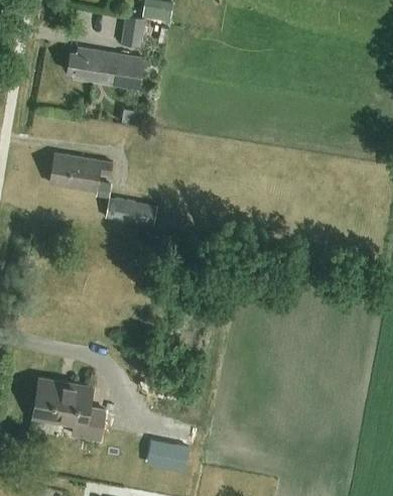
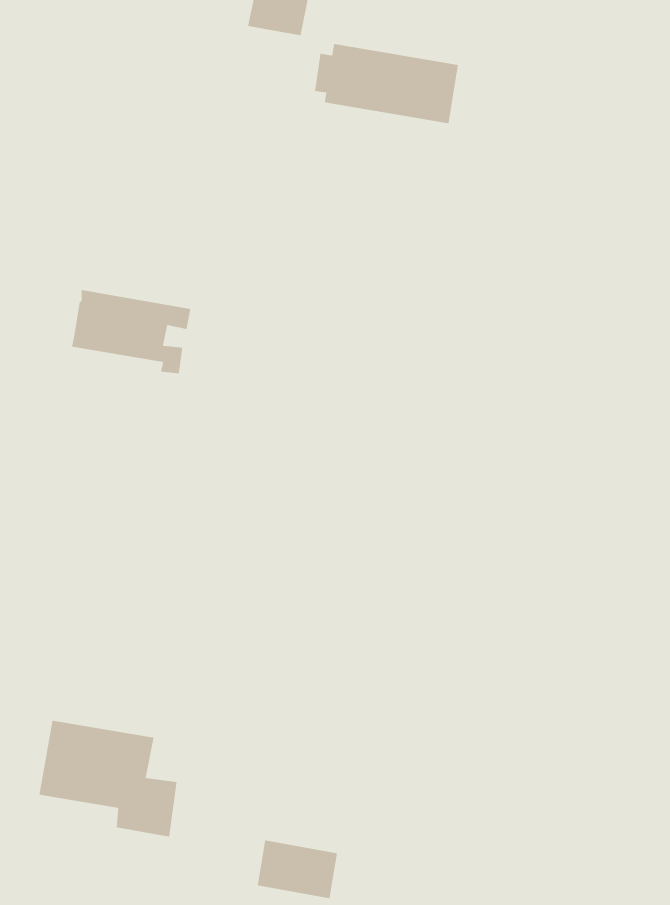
building: [122,16,144,47] -> none
building: [68,47,143,90] -> [314,43,459,124]
building: [106,198,157,226] -> none

